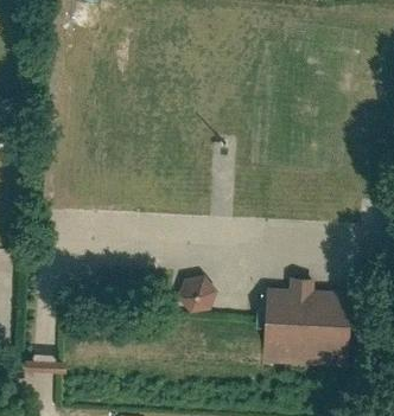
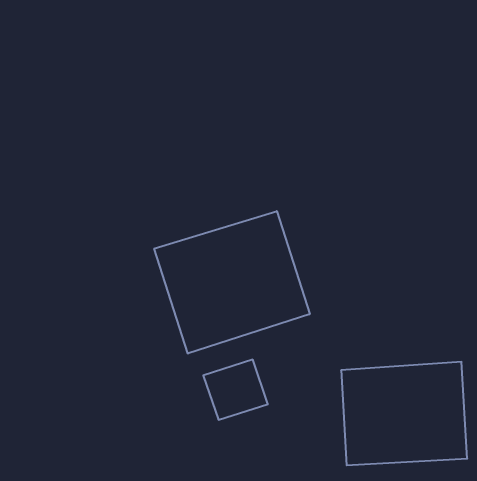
building: none -> [154,211,310,354]

